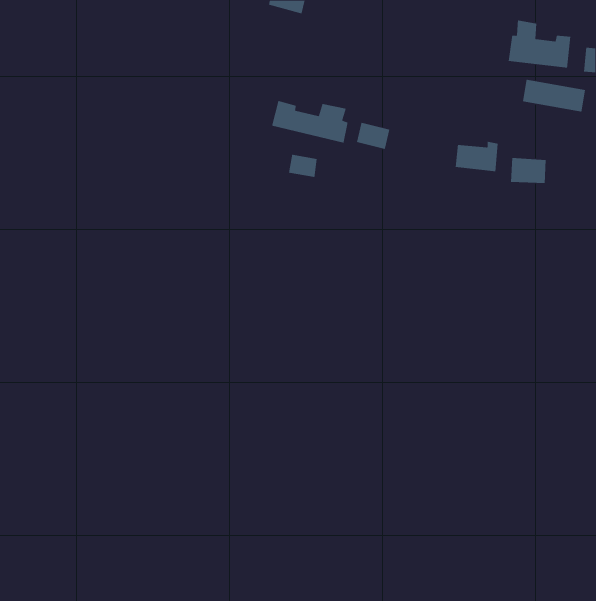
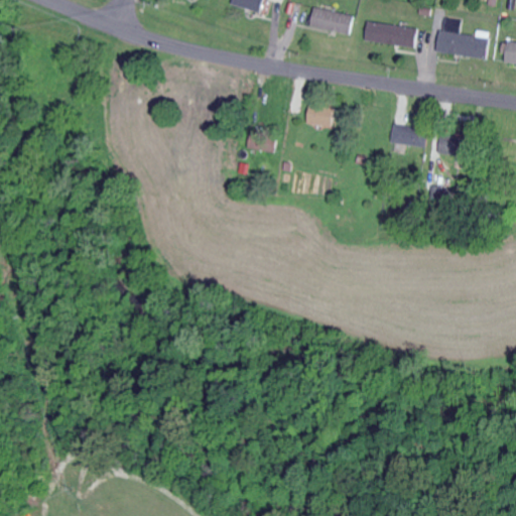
building: none -> [309,8,354,34]
building: [522,79,586,112] -> [364,20,418,48]
building: [272,100,348,143] -> none

